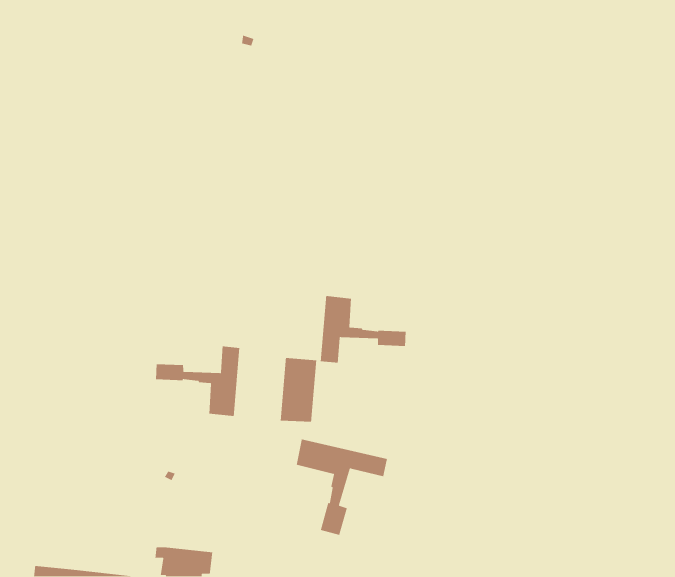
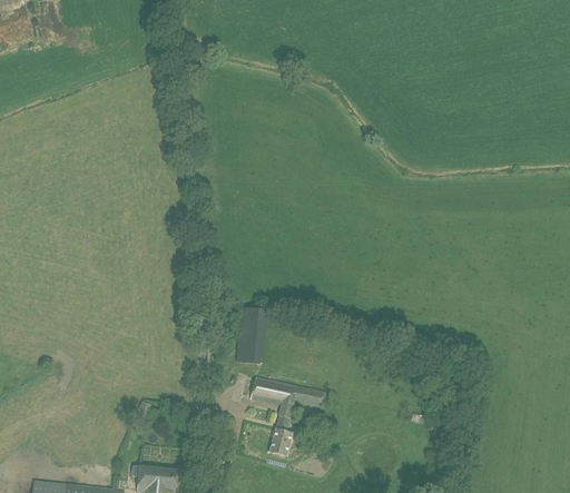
building: [320,295,406,364] -> none
building: [155,346,240,417] -> none

